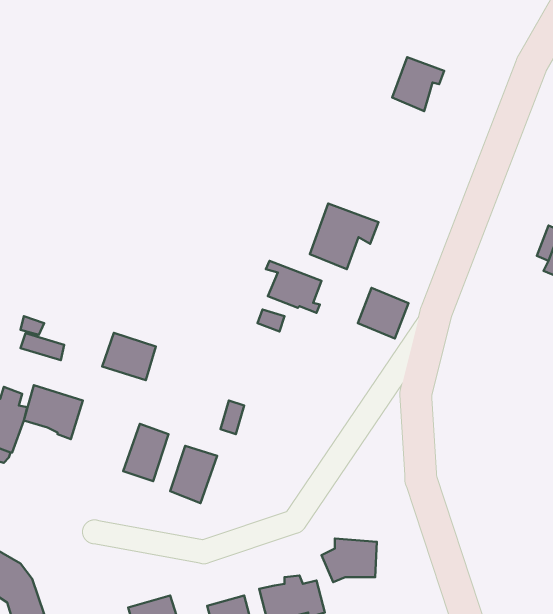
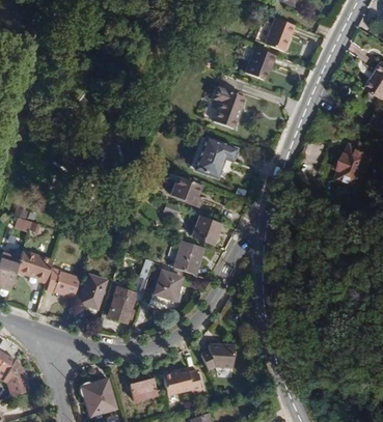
building: none -> [254,17,295,52]
building: none -> [213,87,245,129]
building: [358,288,408,338] -> [190,215,221,246]
building: [102,333,156,380] -> [47,269,80,298]
building: none -> [171,240,202,275]
building: none -> [153,270,182,300]

